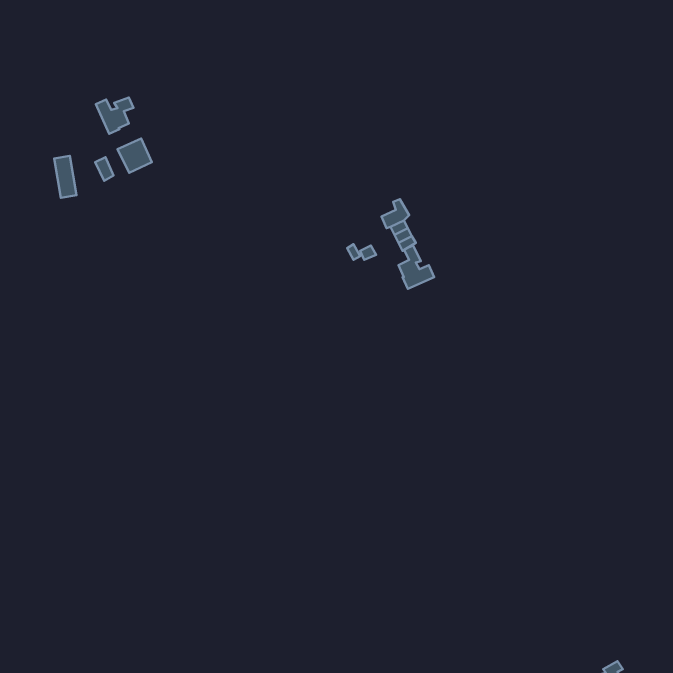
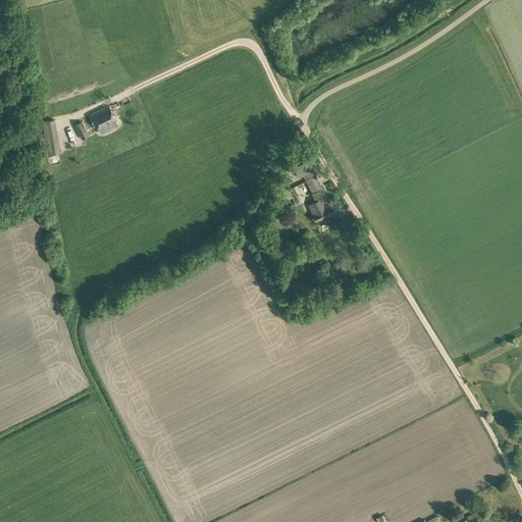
building: [96,97,133,134] -> none

